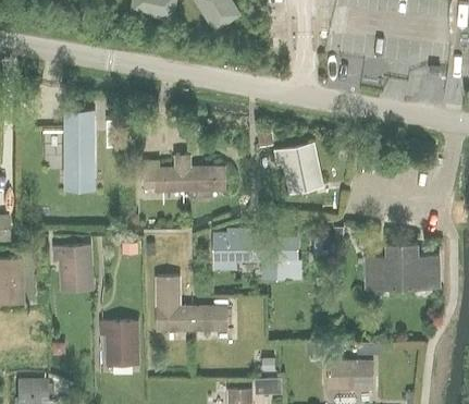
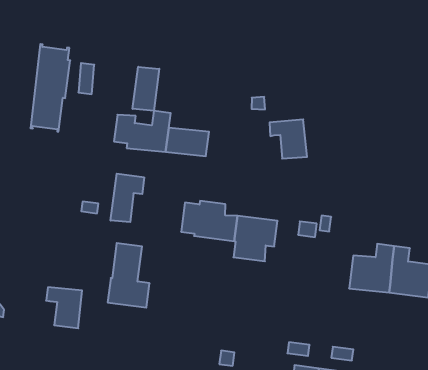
building: none -> [133,67,159,111]
building: none -> [111,174,144,222]
building: [55,247,88,281] -> none
building: [192,308,229,331] -> none

